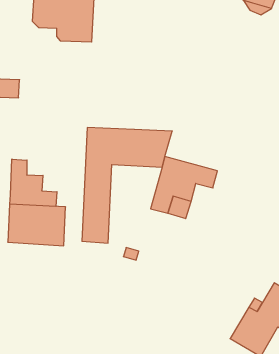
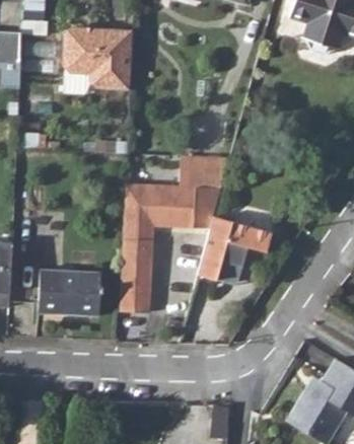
building: none -> [179,155,229,188]
building: [10,159,57,206] -> none

